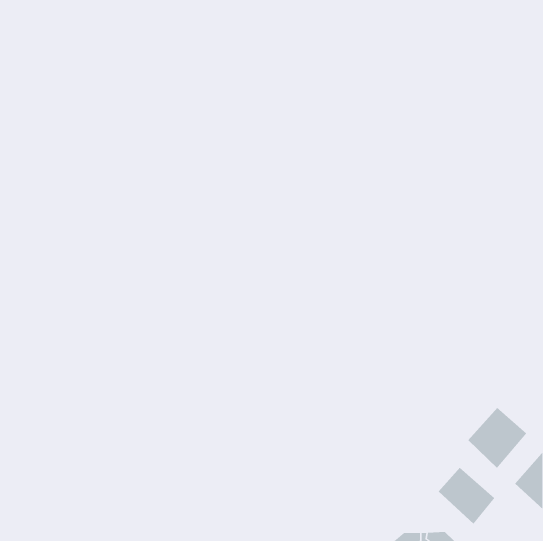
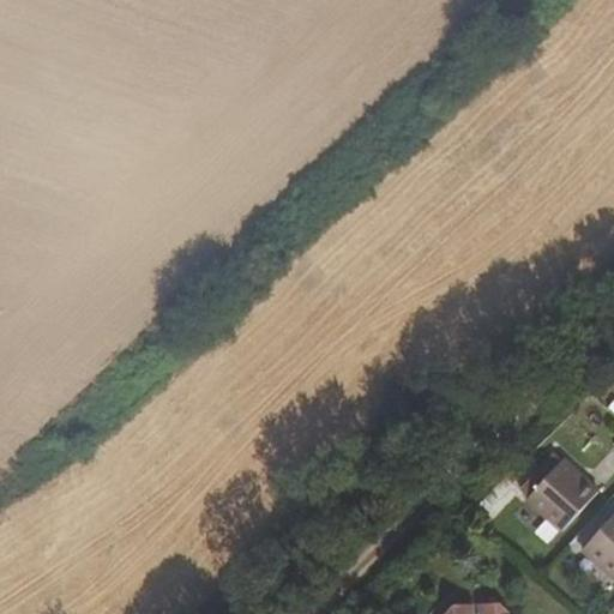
building: [438,467,495,525] -> none

